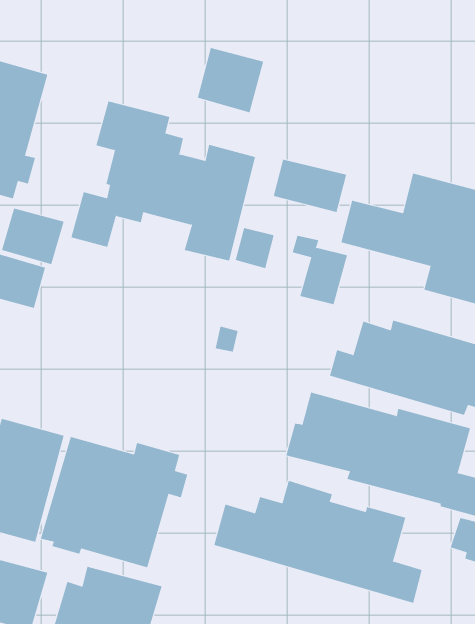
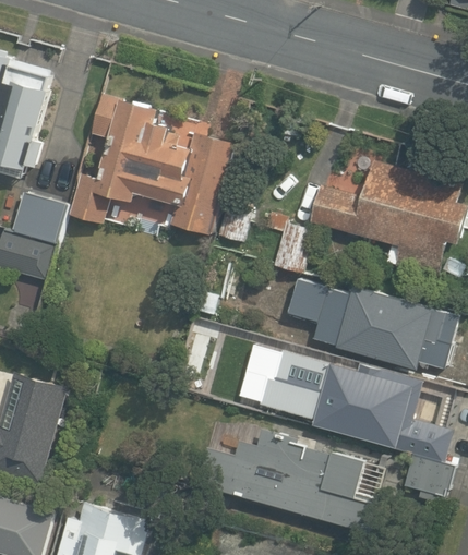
building: [197,47,264,113] -> none
building: [273,159,347,213] -> none
building: [40,436,188,568] -> none

